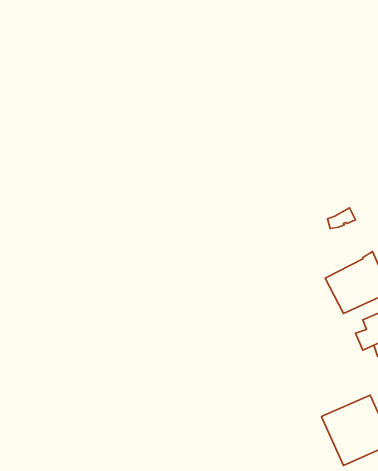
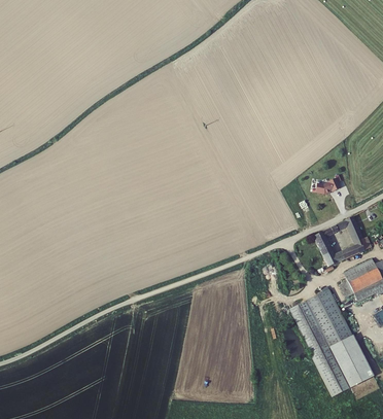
building: none -> [291,288,352,353]

